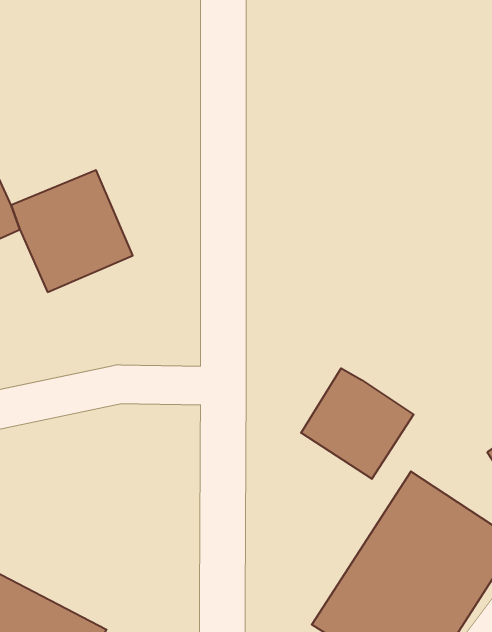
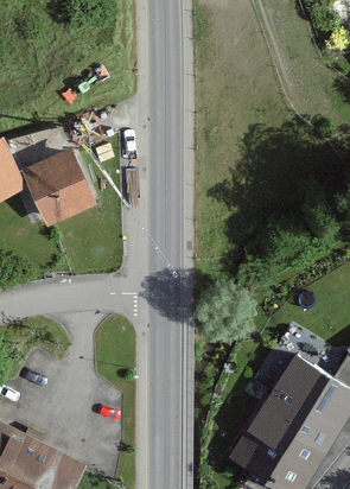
building: [301,368,414,479] -> none

